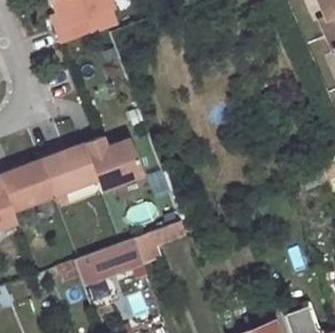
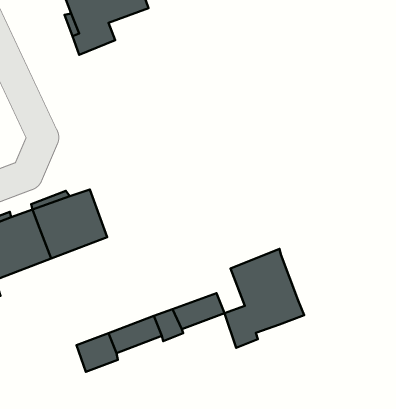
building: [82,136,141,192] -> none
building: none -> [225,249,304,348]

